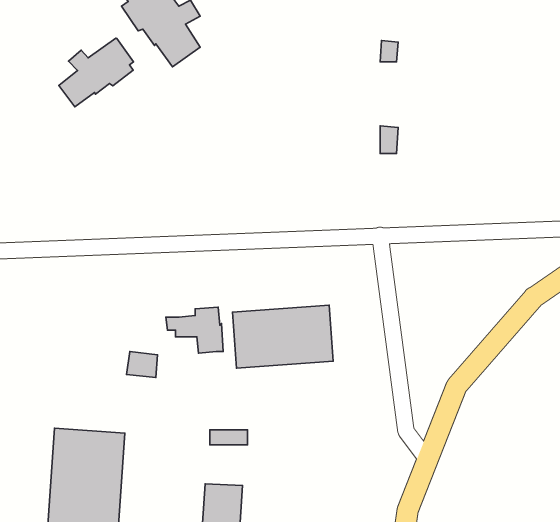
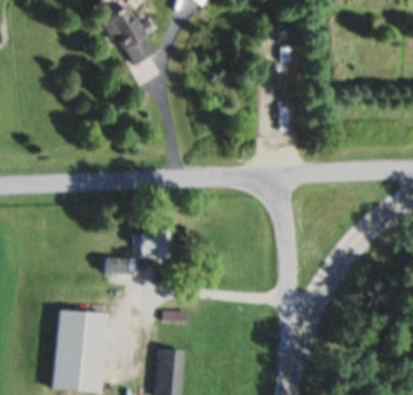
building: [59,38,134,107] -> none
building: [232,305,333,368] -> none

